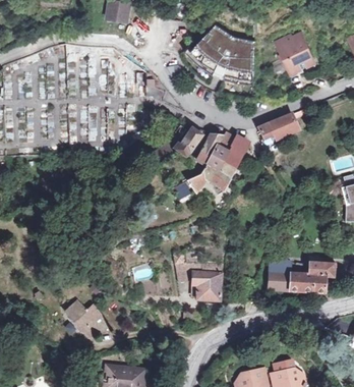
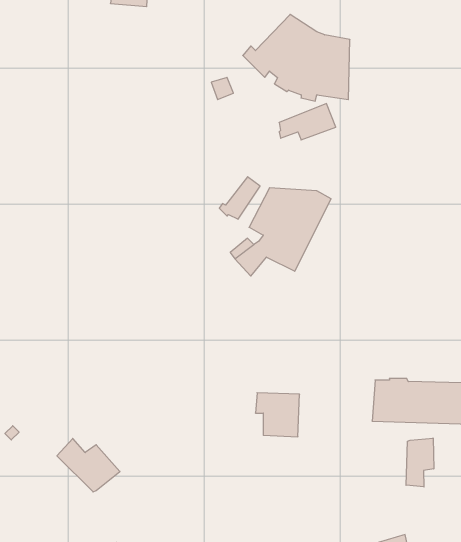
building: [277,34,316,74] -> none
building: [256,116,293,140] -> [279,104,336,140]
building: none -> [406,438,434,487]

